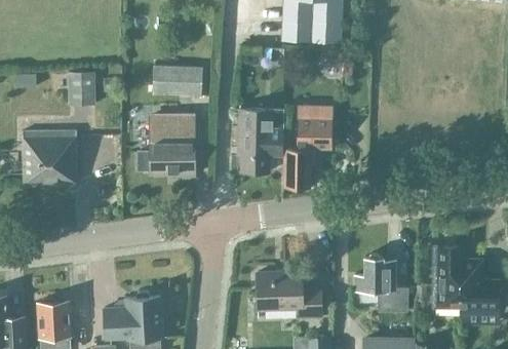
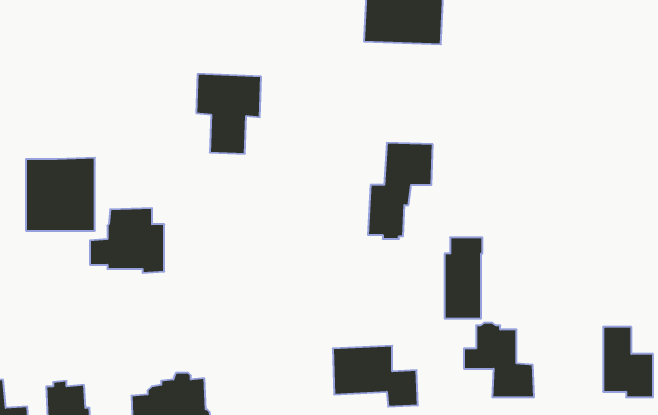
building: [69,71,95,105] -> none
building: [237,107,283,174] -> none
building: [138,128,194,178] -> [90,208,164,273]
building: [434,245,463,307] -> [445,237,482,319]

